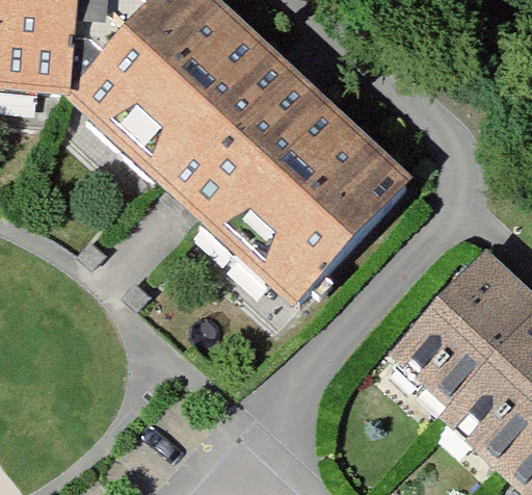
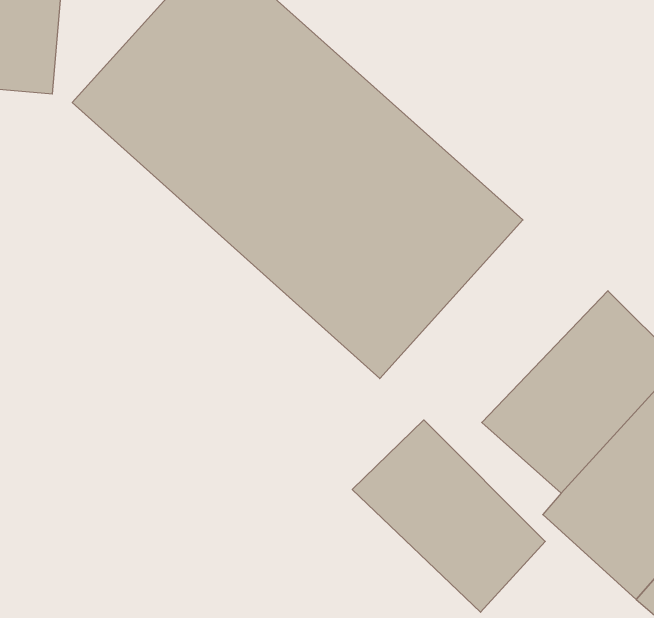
building: none -> [352,420,545,612]

